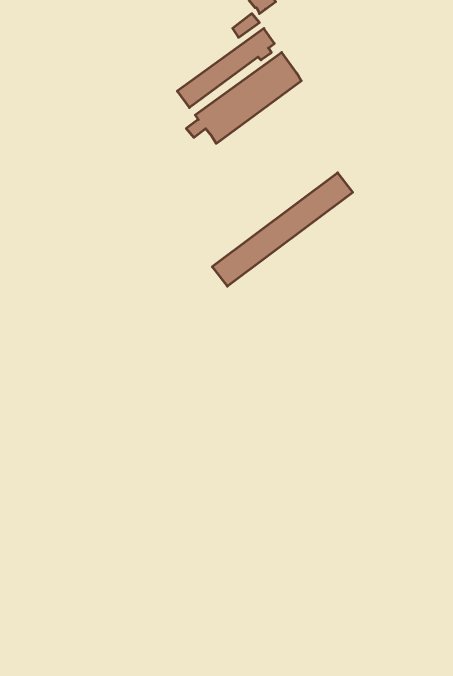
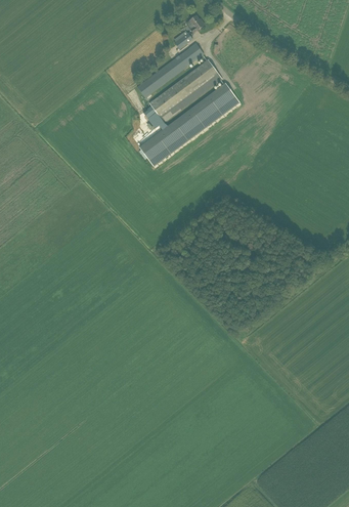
building: [212,173,353,286] -> [140,83,236,161]

